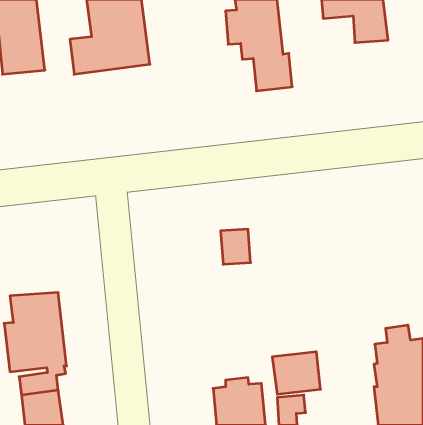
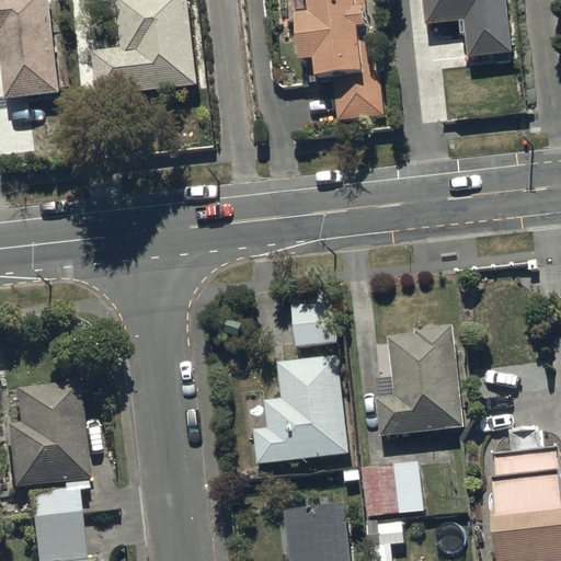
building: none -> [374,327,463,438]
building: none -> [252,356,347,465]

